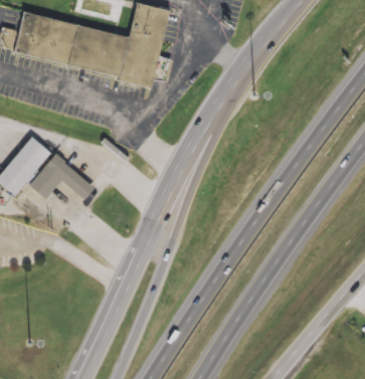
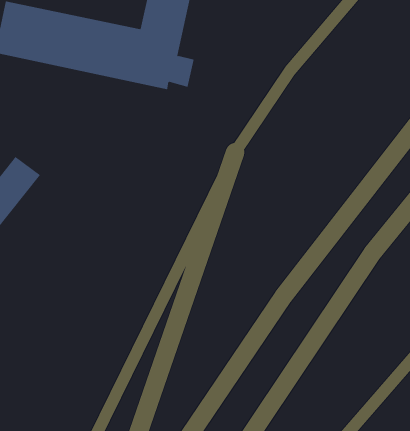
building: [29,154,95,200] -> none

